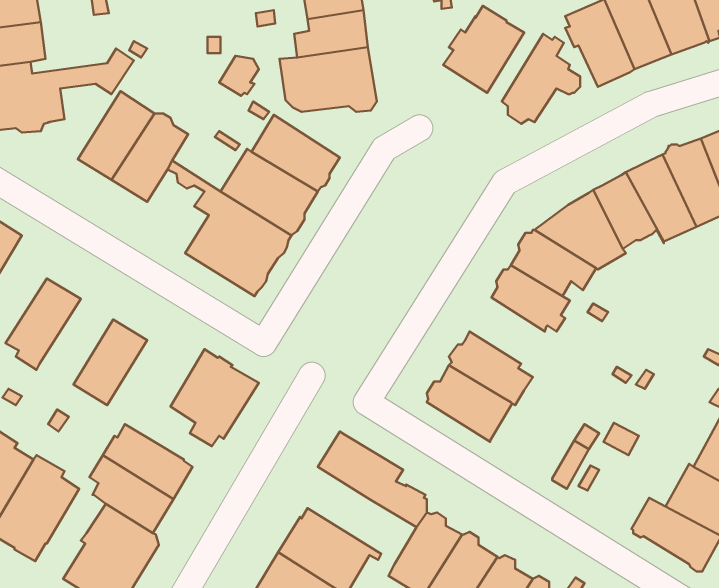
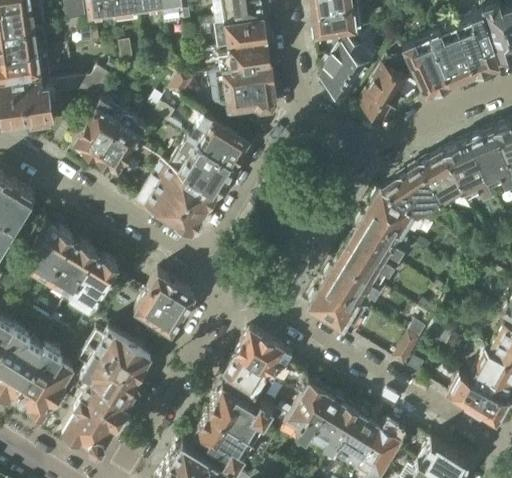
building: none -> [337,238,394,288]
building: none -> [45,239,95,297]
building: none -> [221,353,276,400]

